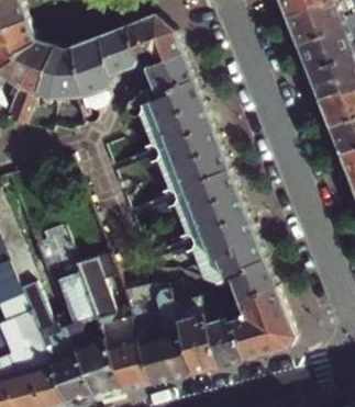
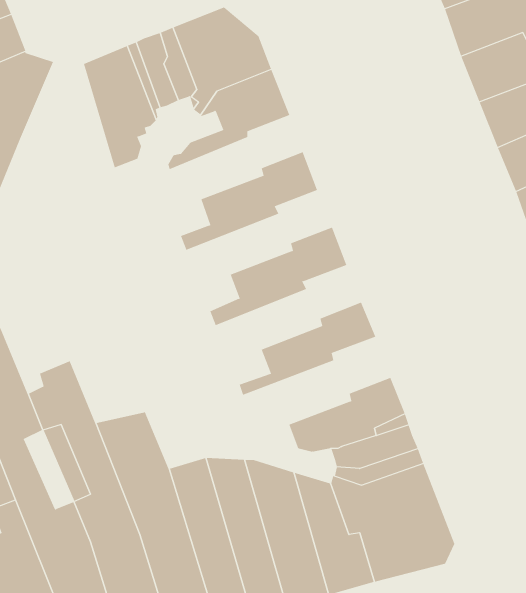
building: [33,47,91,125] -> none
building: [122,79,202,129] -> none
building: [132,124,220,174] -> none
building: [149,169,237,219] -> none
building: [166,212,255,264] -> none

